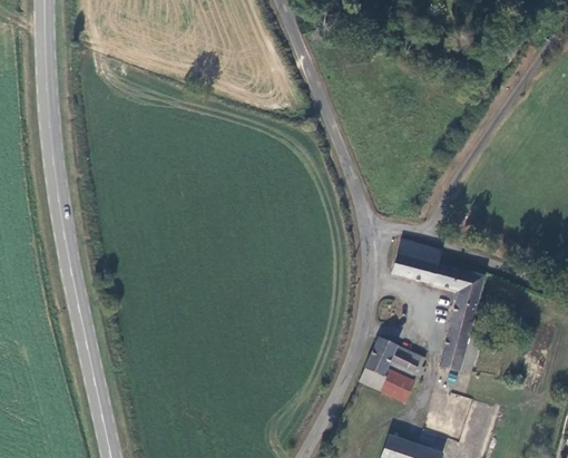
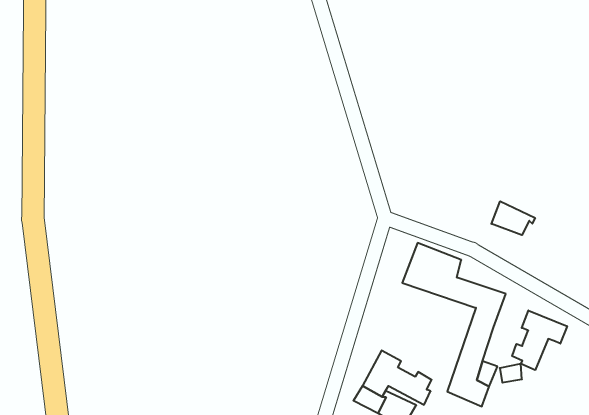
building: none -> [491,201,535,235]
building: none -> [512,310,567,370]

